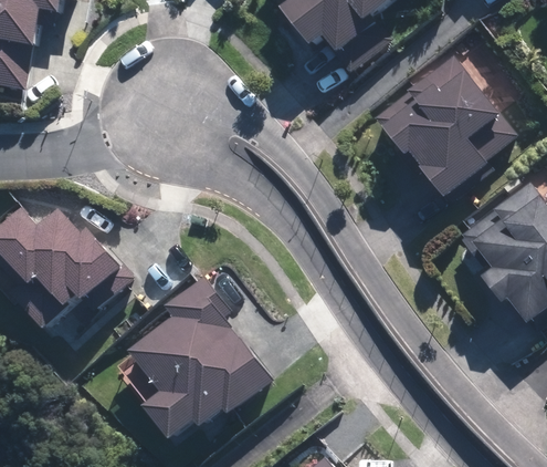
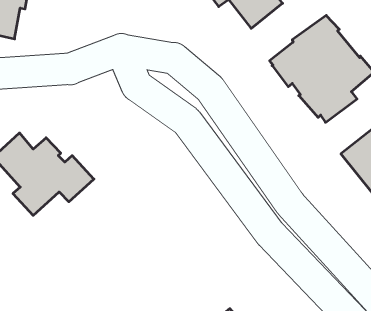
building: [141,282,271,434] -> none

